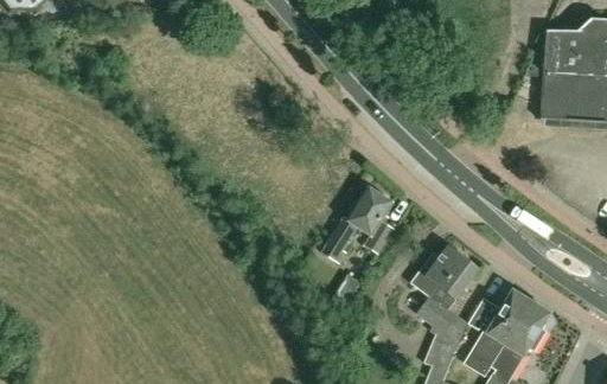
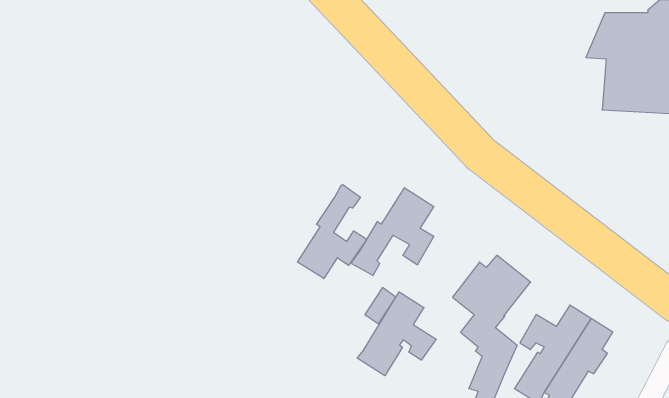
building: none -> [298,184,367,279]
building: none -> [357,292,436,376]

